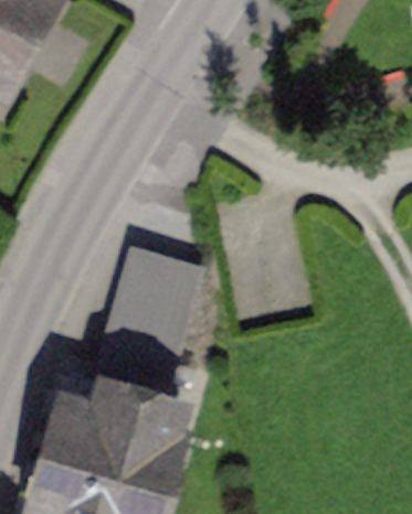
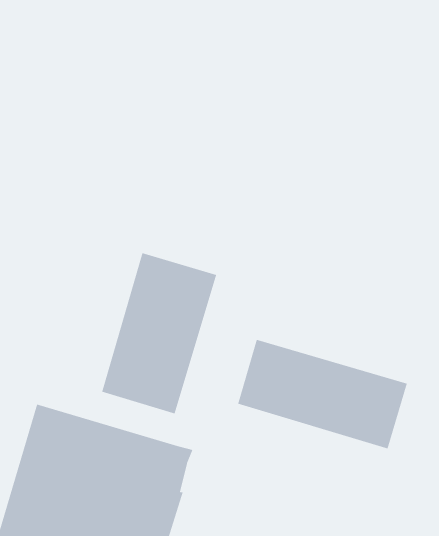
building: none -> [237,339,408,450]

